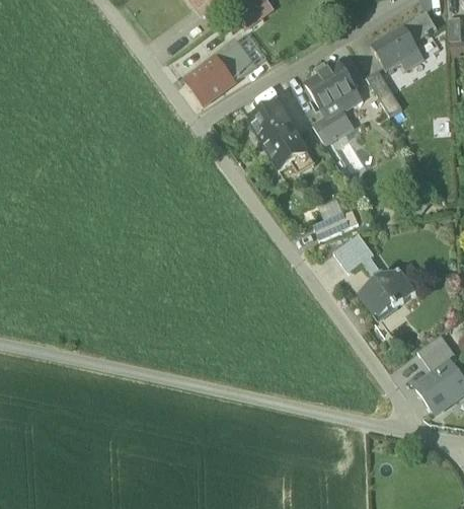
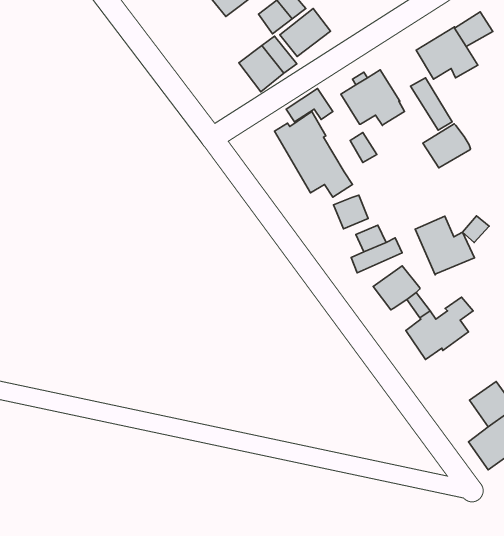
building: none -> [280,8,330,57]
building: [183,57,234,105] -> none
building: [321,102,352,137] -> none
building: none -> [423,124,470,168]
building: none -> [334,195,368,229]
building: none -> [415,216,474,275]

